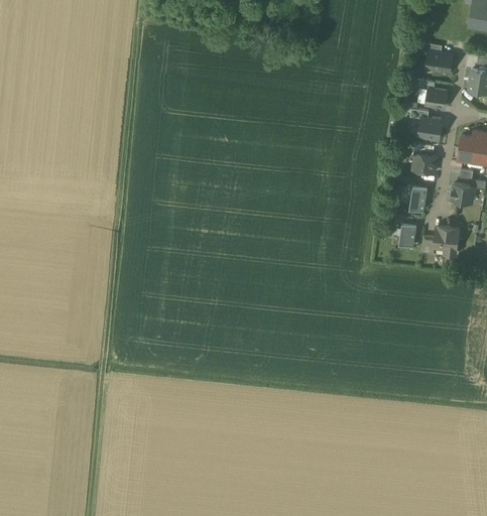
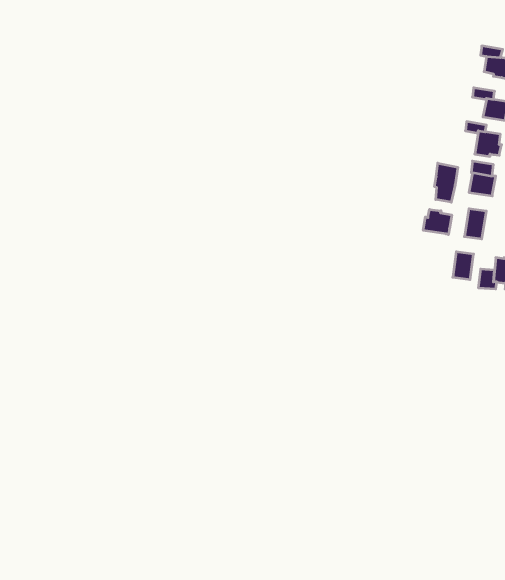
building: none -> [435,163,458,202]
building: none -> [423,209,452,235]

